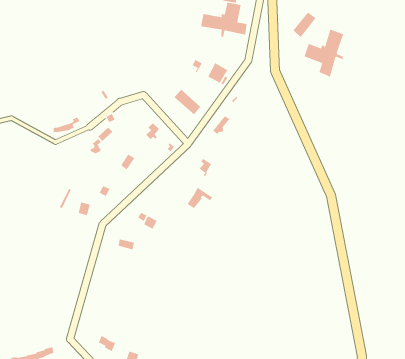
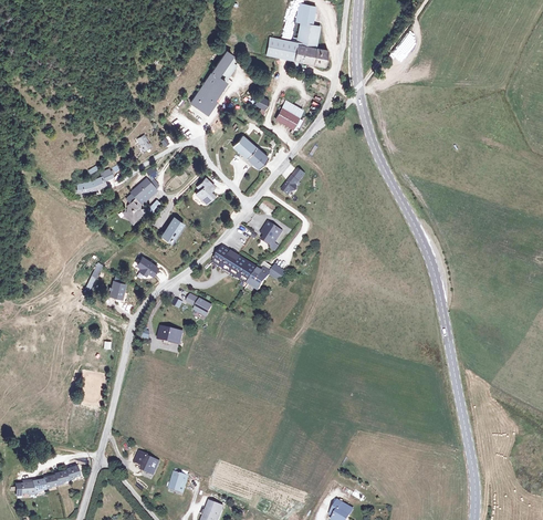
building: none -> [190,51,236,113]
building: [304,28,345,78] -> none
building: none -> [212,246,258,283]

